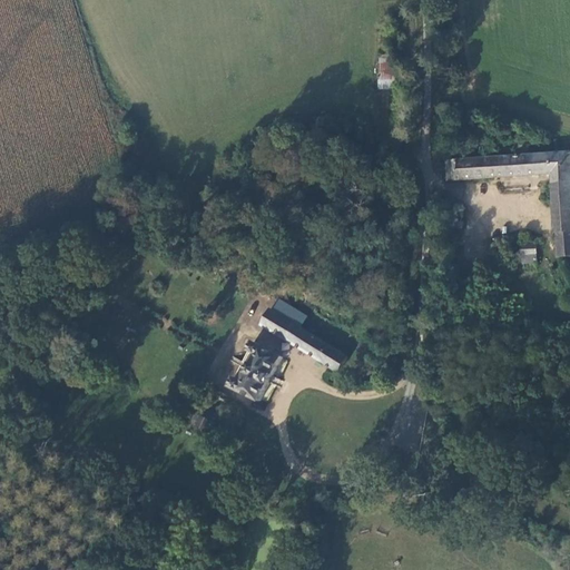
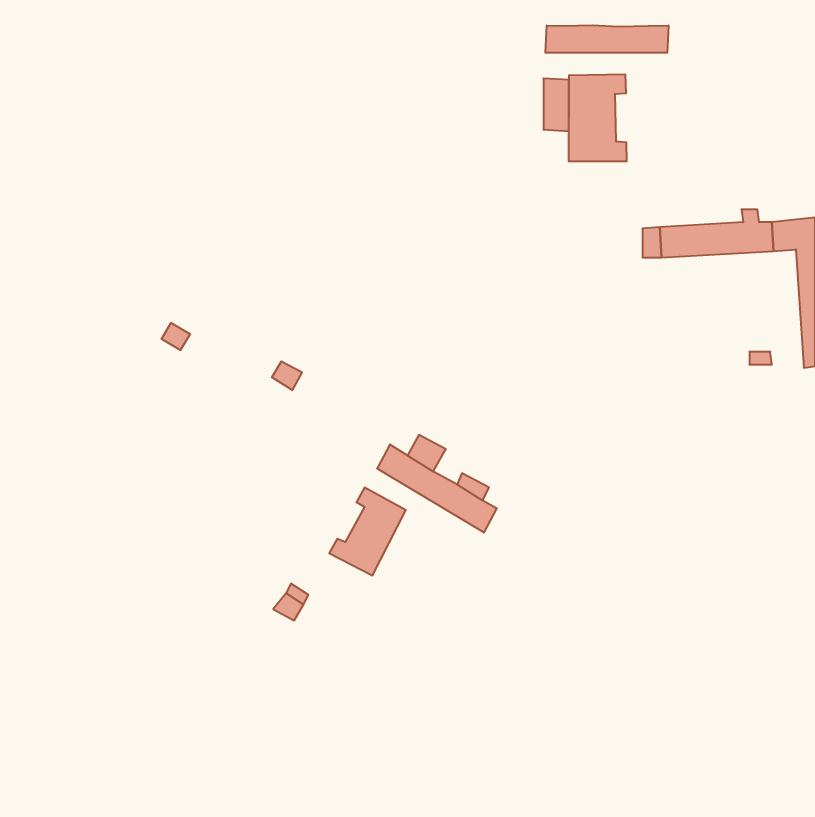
building: none -> [545,25,669,53]
building: none -> [569,74,627,161]

